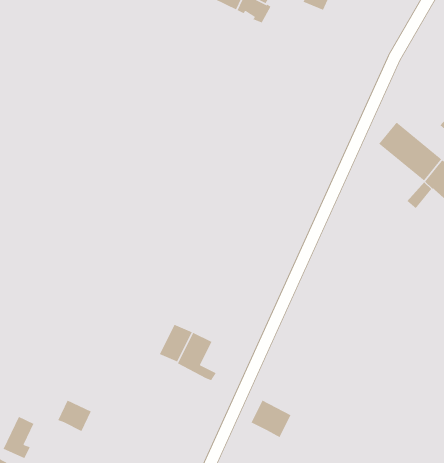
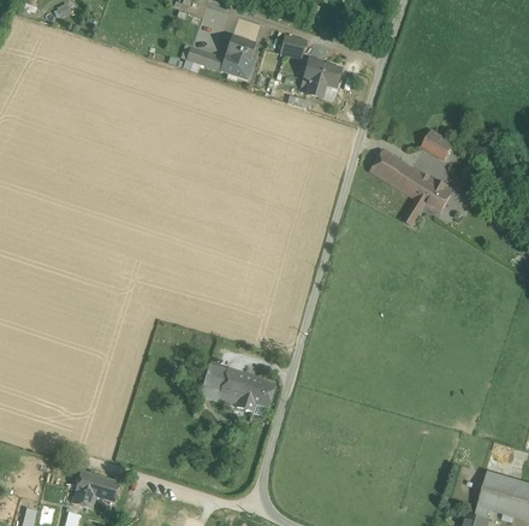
building: none -> [302,57,341,97]
building: [57,399,92,432] -> [90,474,120,502]
building: [251,400,292,438] -> [239,374,275,407]

